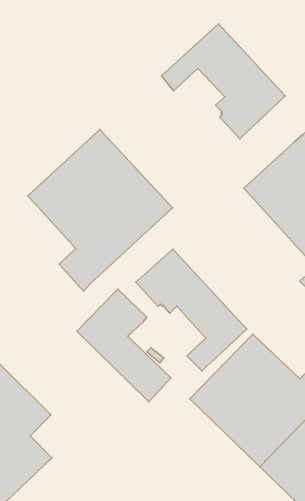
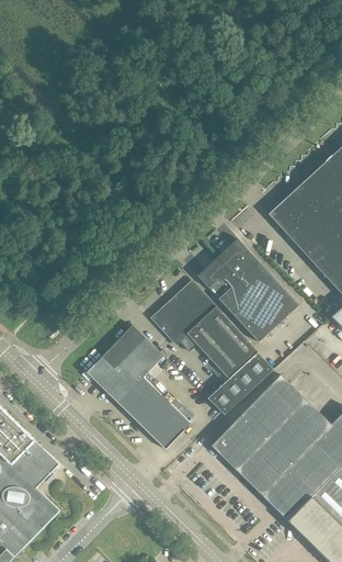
building: [161,24,285,139] -> none
building: [28,129,172,291] -> none
building: none -> [197,238,299,341]

